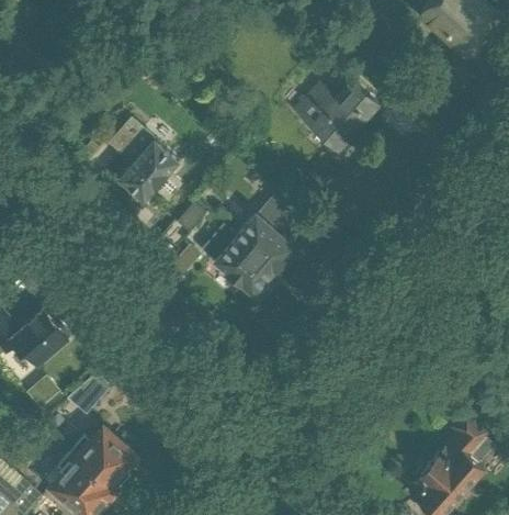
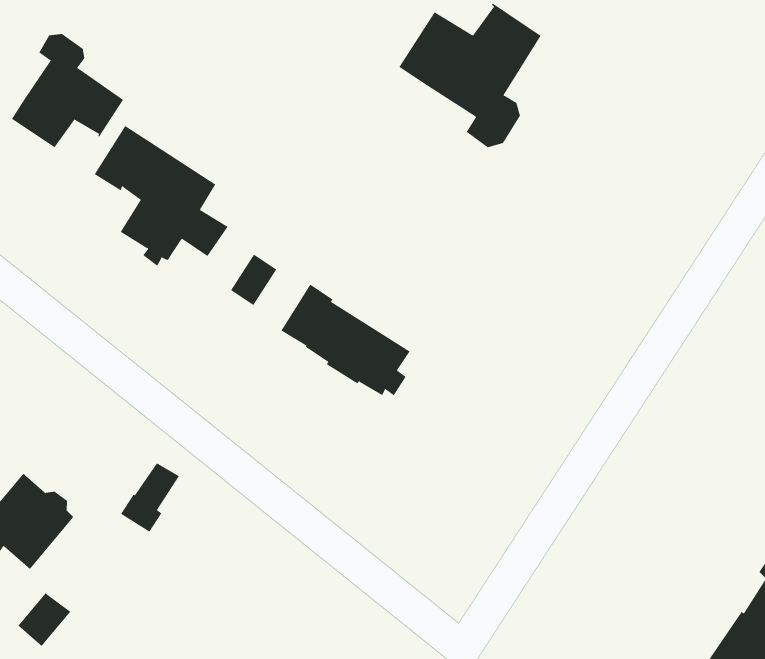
building: none -> [11,33,124,148]
building: [234,192,301,275] -> none
building: [69,376,106,415] -> [120,462,180,533]

